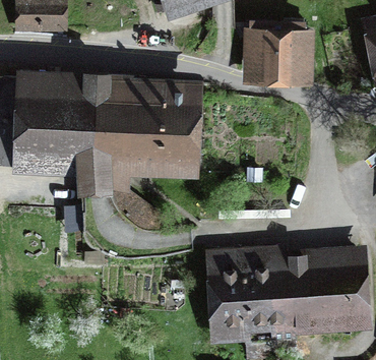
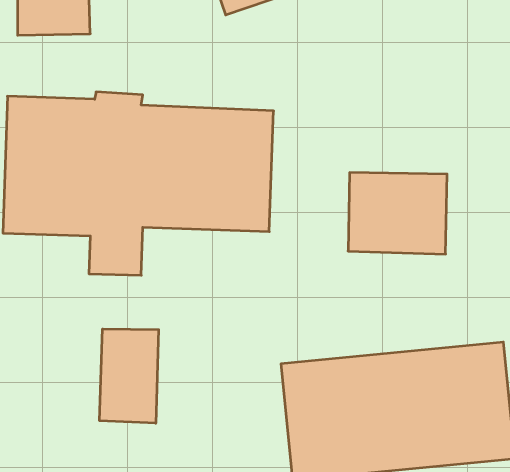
building: [251,23,320,80] -> [348,173,447,254]
building: none -> [100,329,159,423]

